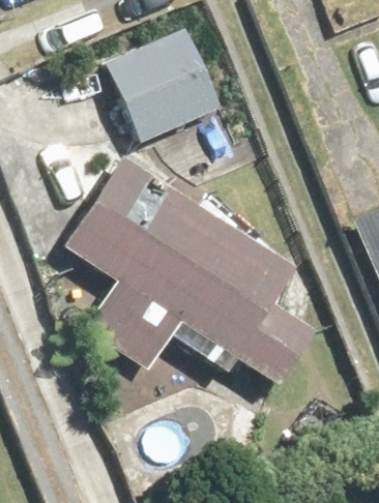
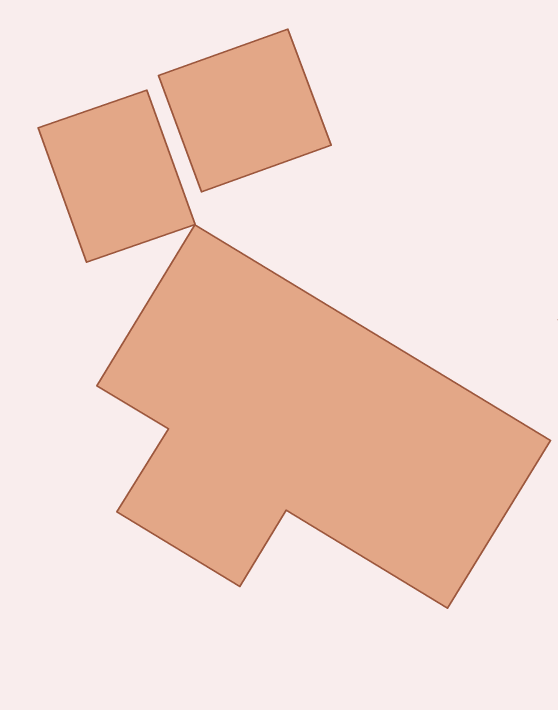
building: none -> [38,90,195,262]

